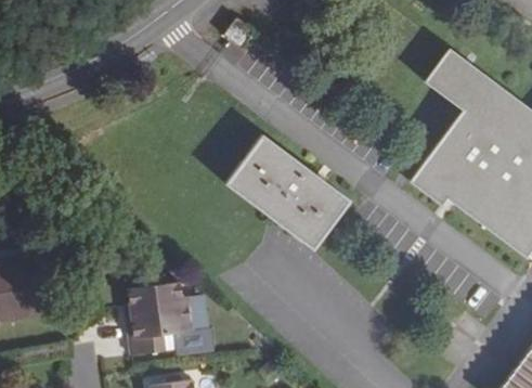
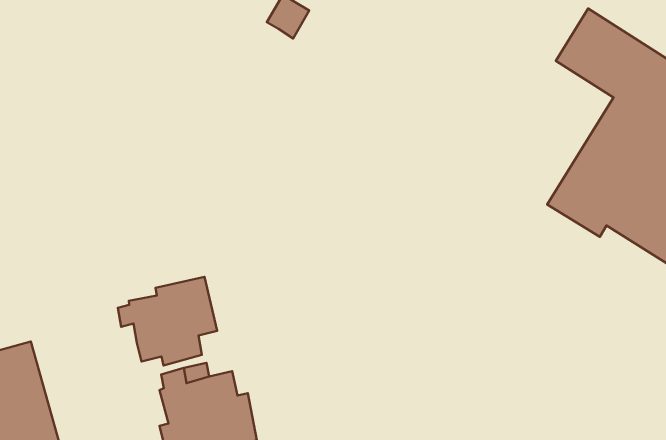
building: [225,134,351,249] -> none
building: none -> [118,277,217,365]

